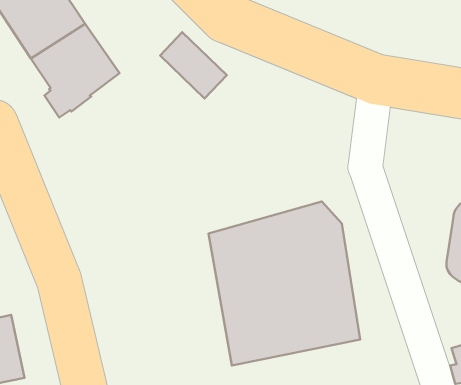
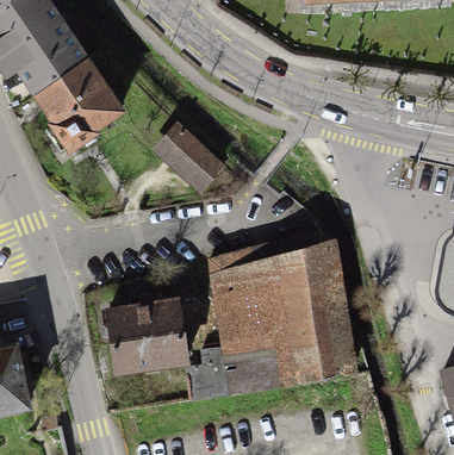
building: [160,32,227,99] -> [156,126,220,191]
building: none -> [97,299,184,368]
building: none -> [186,348,230,398]

